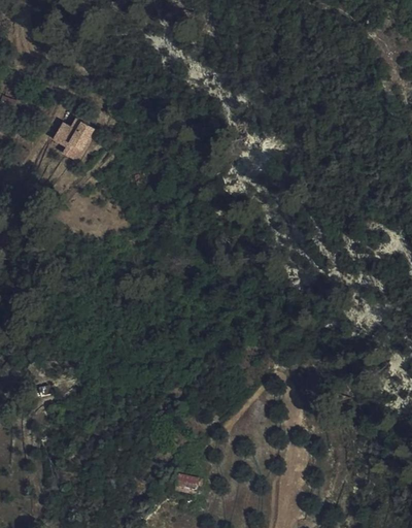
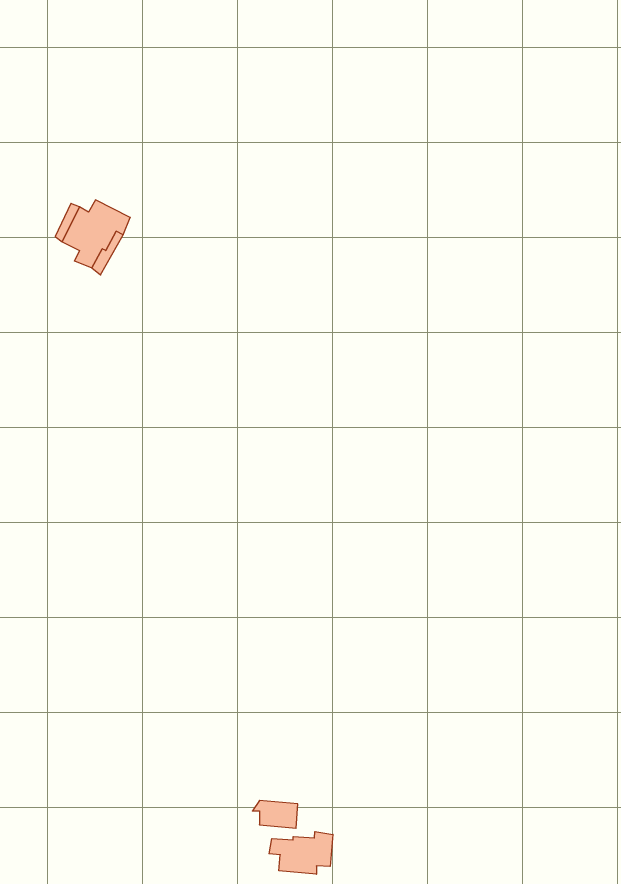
building: none -> [269,832,333,874]

